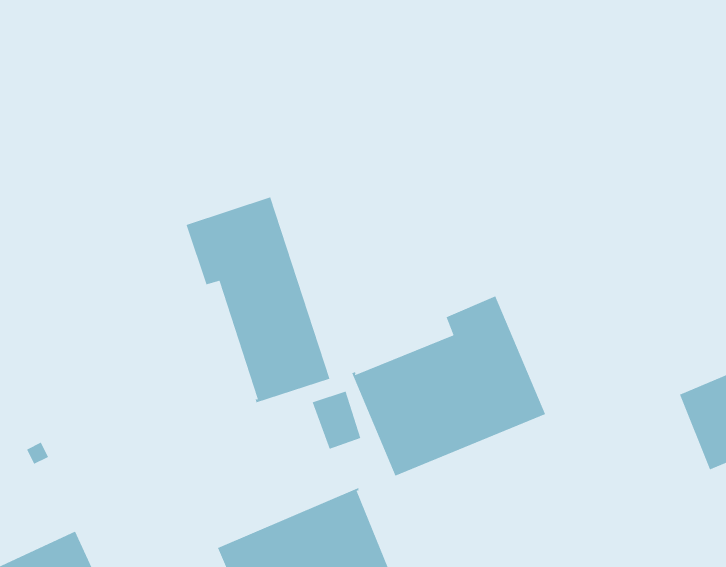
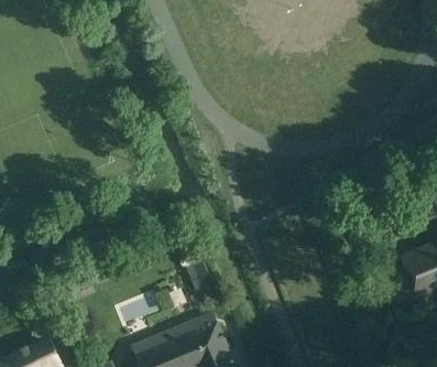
building: [186,196,330,403] -> none
building: [352,296,546,477] -> none

